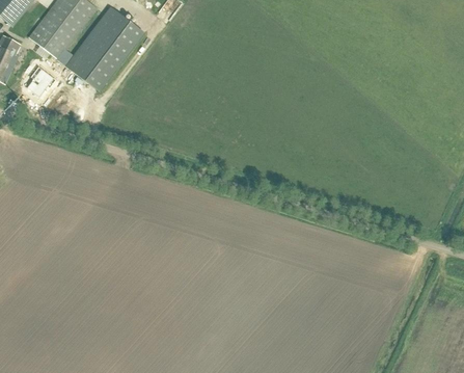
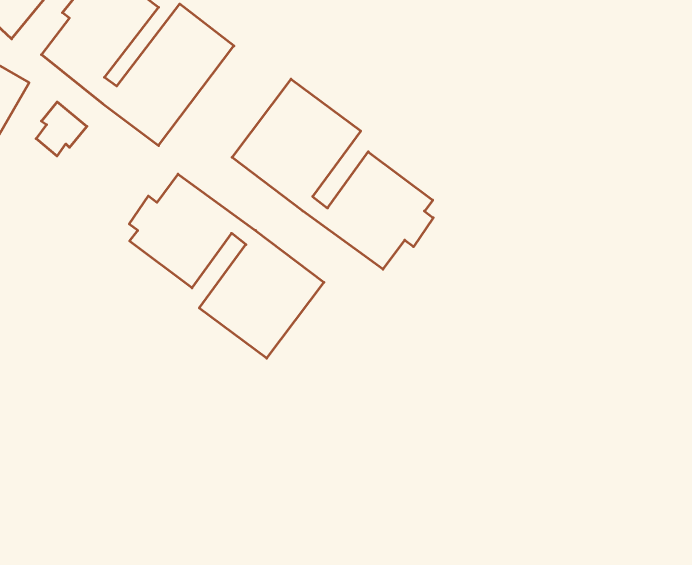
building: none -> [232,79,433,269]
building: none -> [129,174,324,358]

